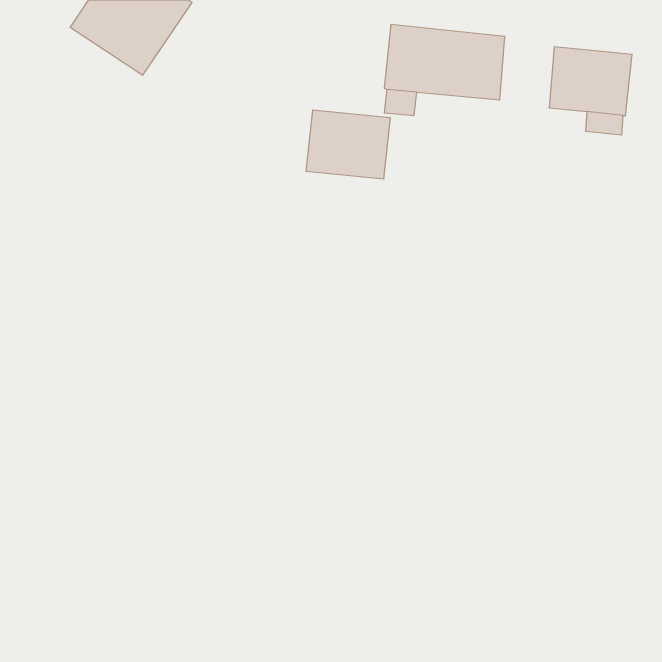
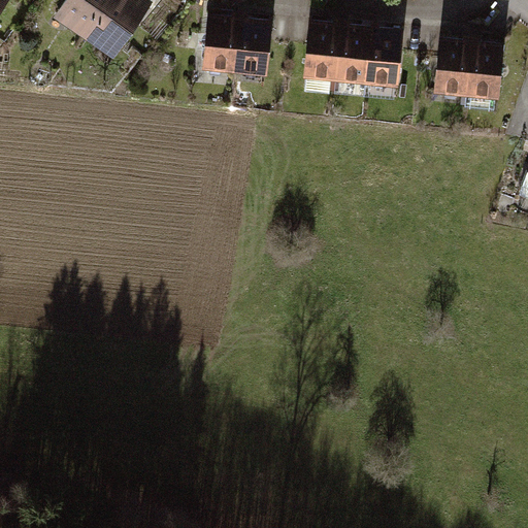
building: [306,110,390,179] -> [203,14,270,69]

